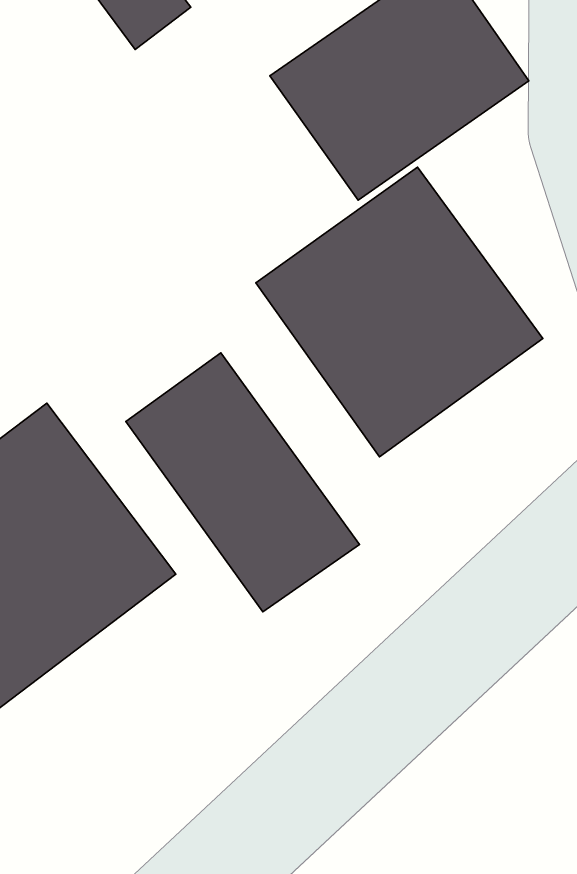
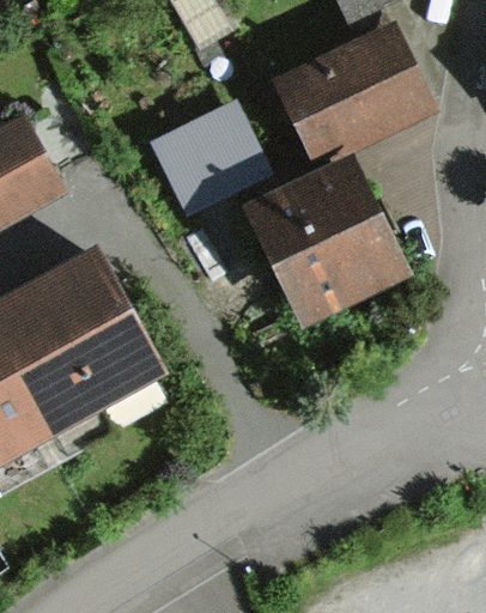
building: none -> [148,97,272,212]
building: [126,353,359,612] -> none

